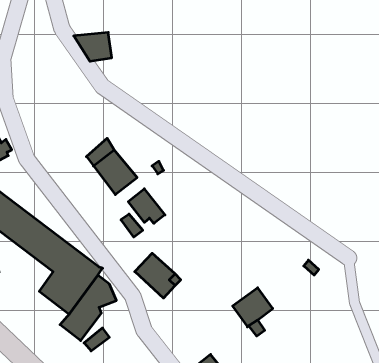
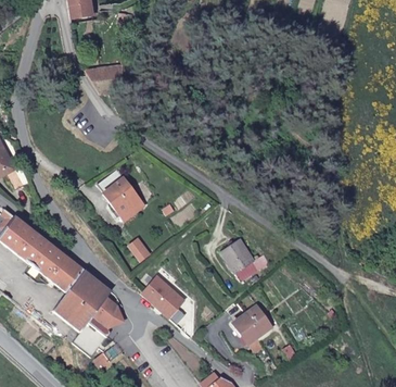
building: [128,189,165,223] -> none
building: none -> [222,236,271,278]

